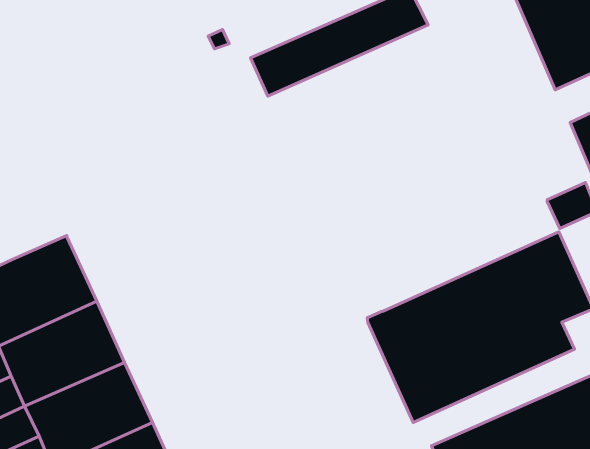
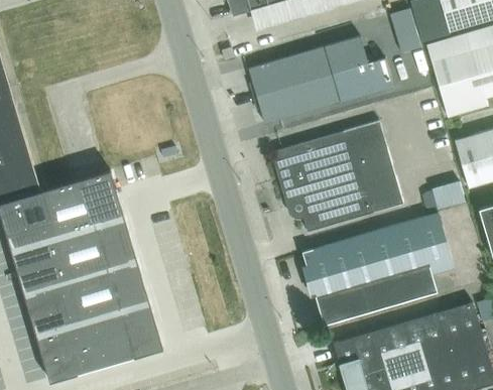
building: none -> [255,58,392,123]
building: none -> [273,121,403,232]

